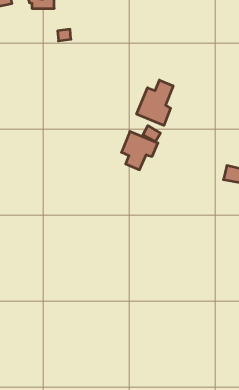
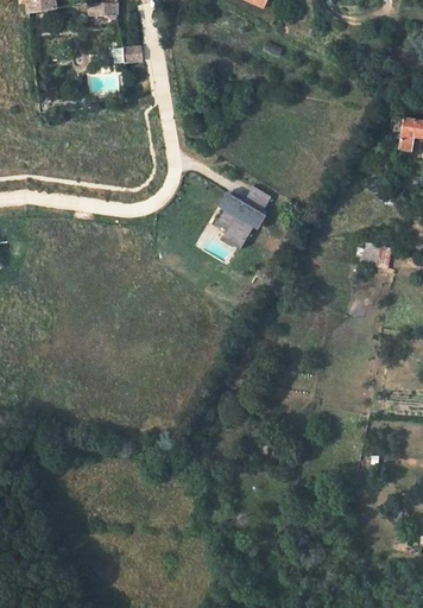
building: [137,80,173,125] -> none

